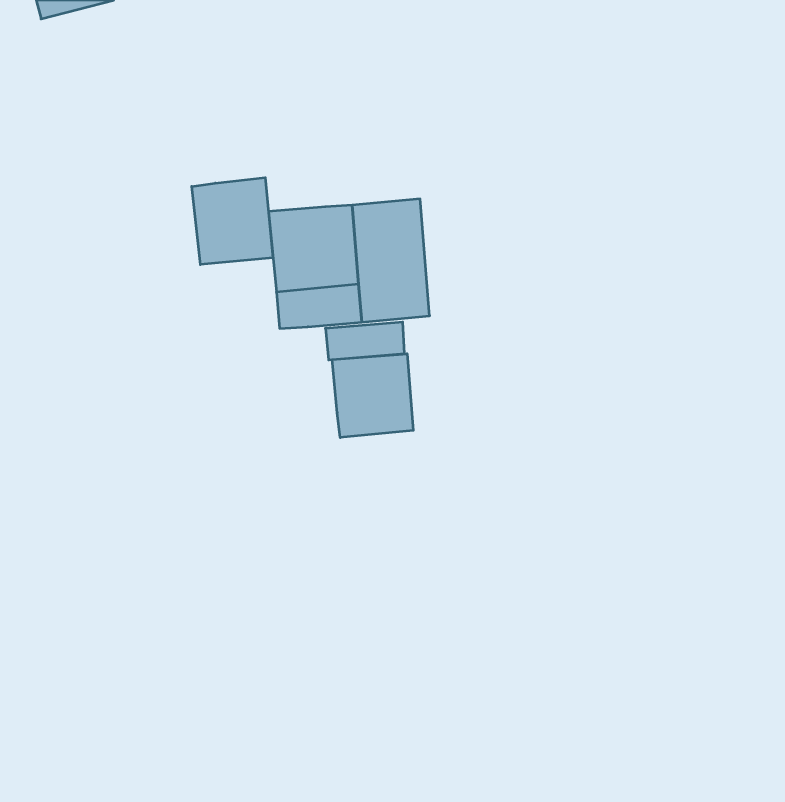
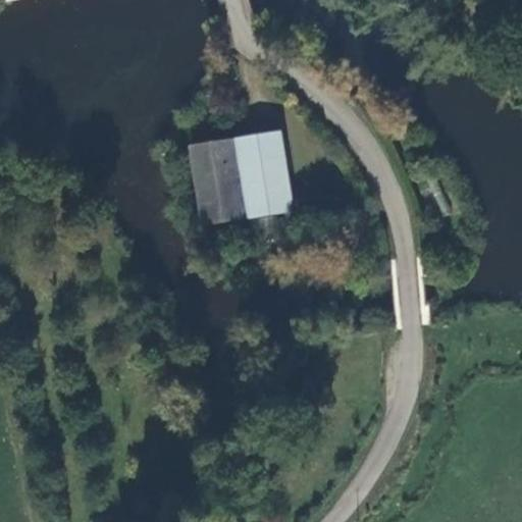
building: [192,178,273,265] -> none
building: [332,354,413,438] -> none

